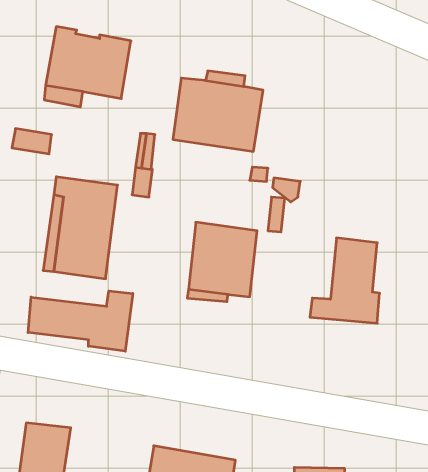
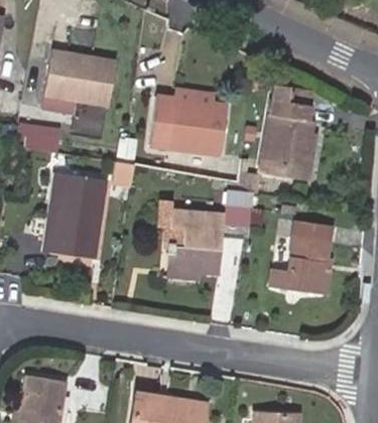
building: none -> [257,80,314,176]
building: [28,291,133,351] -> none

